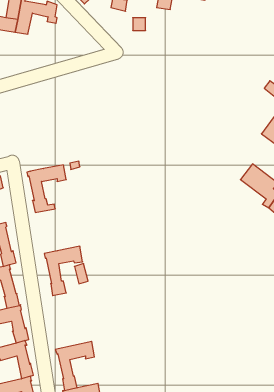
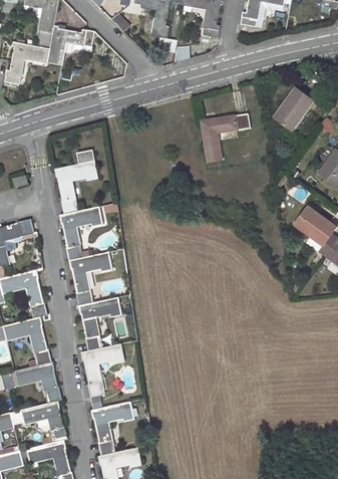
building: none -> [274,88,312,131]
building: none -> [200,113,249,163]
building: none -> [54,151,97,215]
building: none -> [68,252,111,305]
building: none -> [80,344,123,398]

